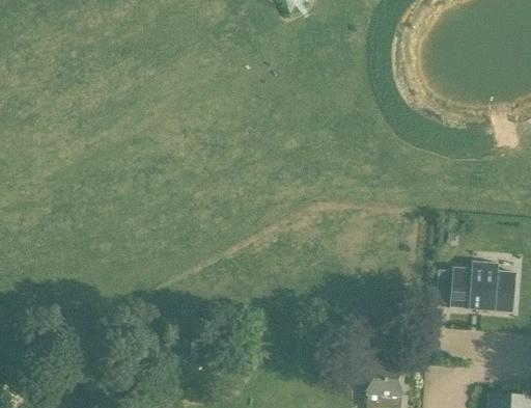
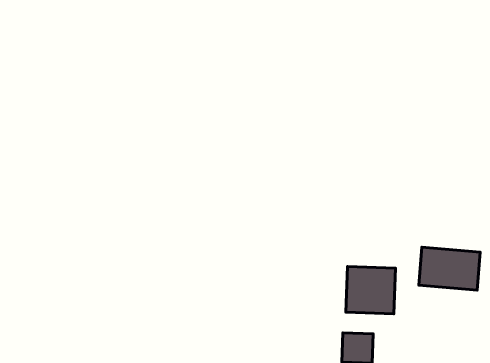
building: none -> [346,267,395,314]

